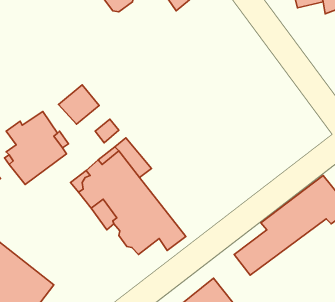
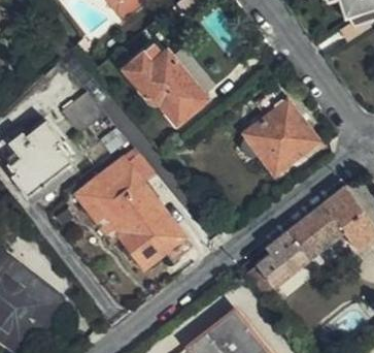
building: none -> [126,49,208,125]
building: none -> [239,92,319,177]

